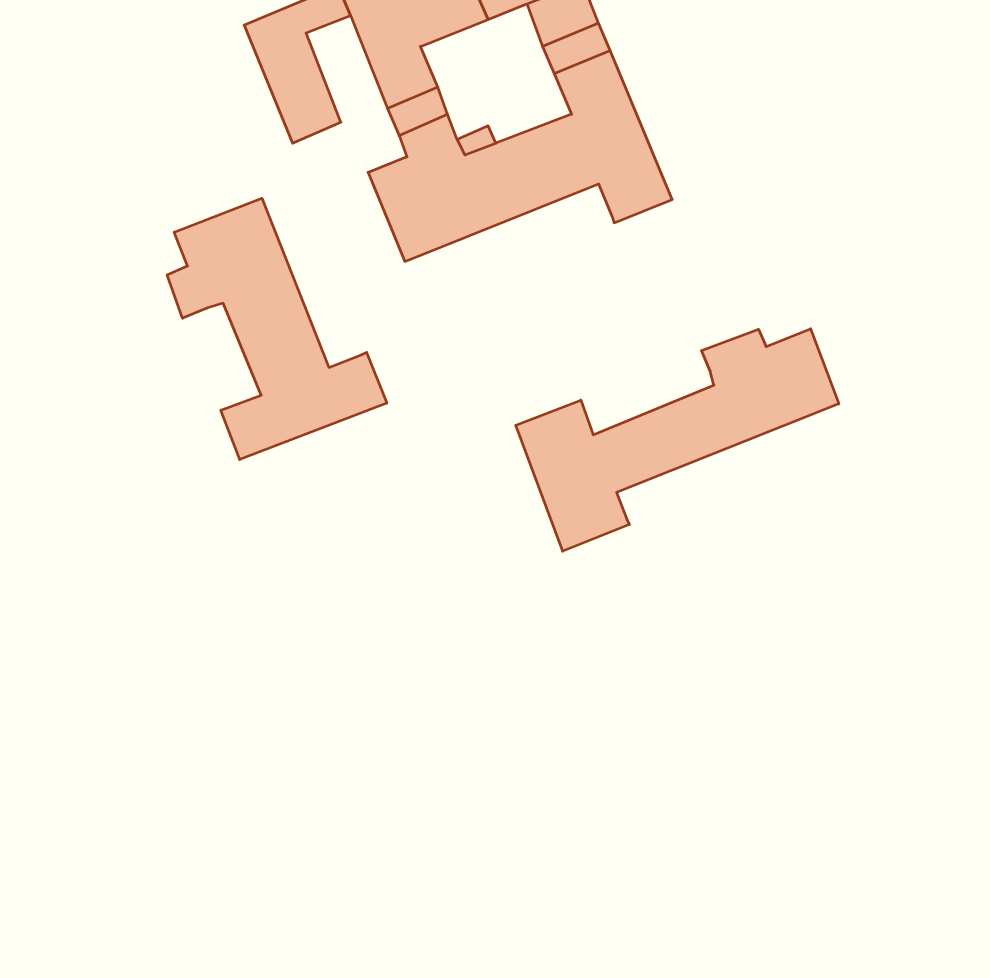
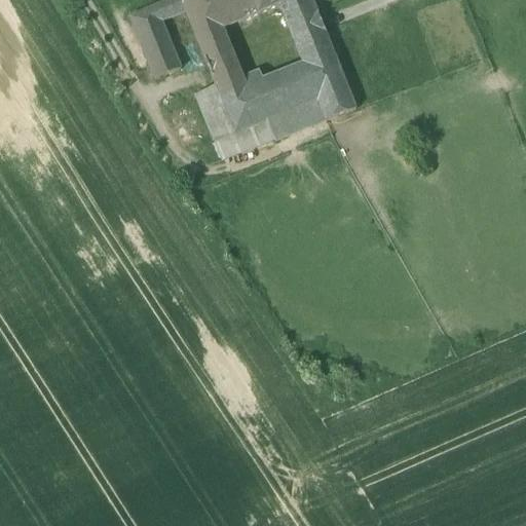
building: none -> [215,98,325,157]
building: [167,198,387,460] -> none
building: [516,329,839,551] -> none

